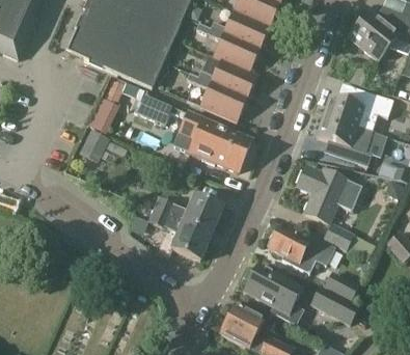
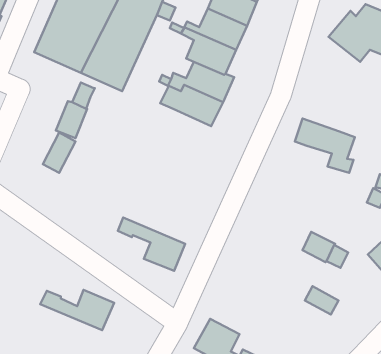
building: [136,93,172,126] -> none
building: [323,93,391,127] -> none
building: [177,113,251,172] -> none
building: [297,166,361,222] -> none
building: [152,195,222,234] -> [40,290,114,330]
building: [269,227,334,273] -> none
building: [244,265,303,325] -> none
building: [311,289,357,324] -> none

